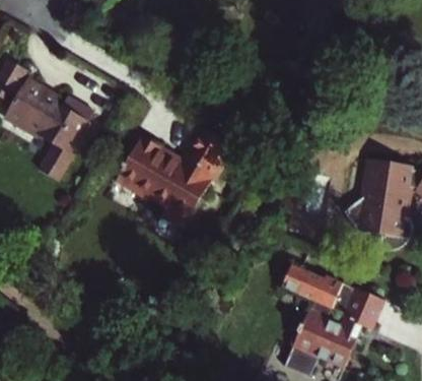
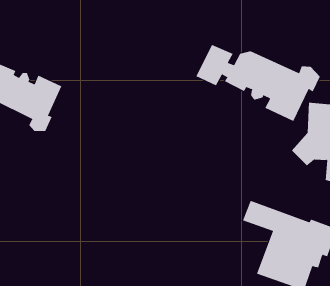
building: none -> [195,44,321,122]
building: [117,130,231,225] -> none

